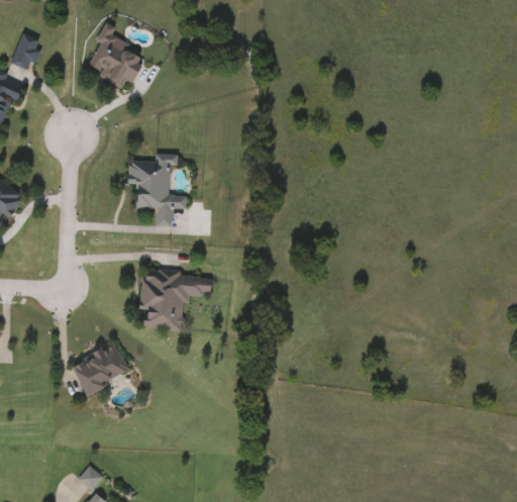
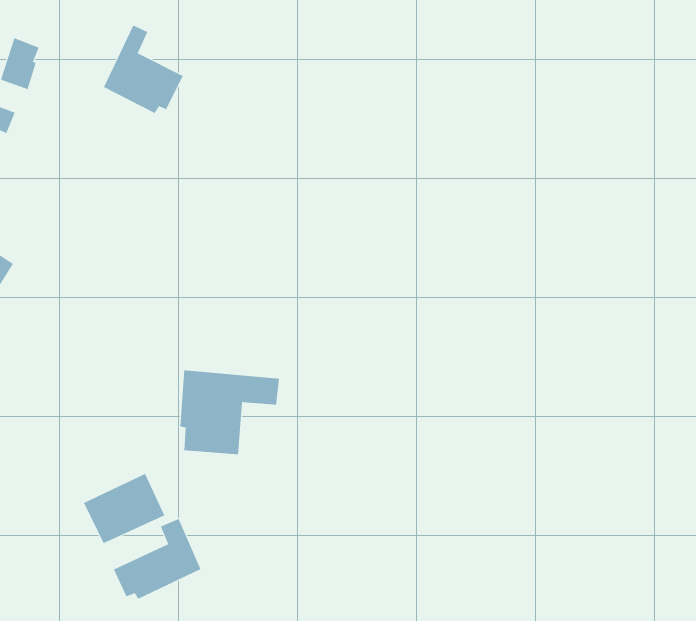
building: [127,154,187,226] -> none
building: none -> [113,518,201,599]

